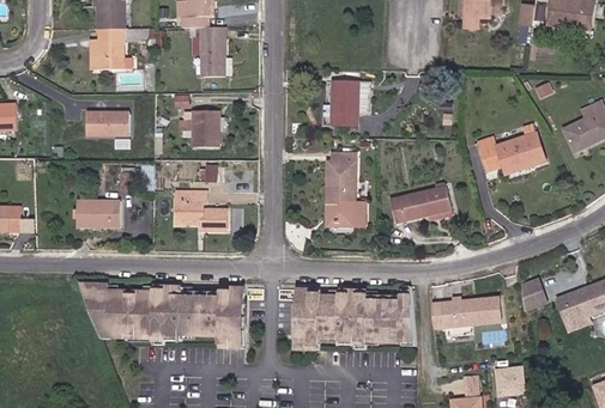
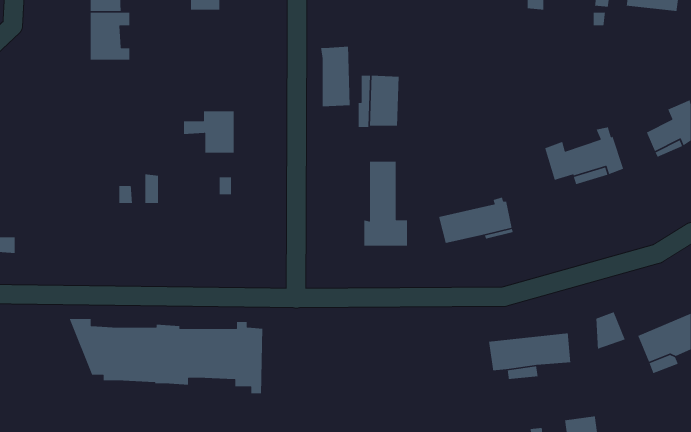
building: [200,26,225,78] -> [320,46,350,107]
building: [86,112,129,135] -> none
building: [176,191,226,230] -> none
building: [77,201,121,226] -> none
building: [296,286,416,349] -> none

